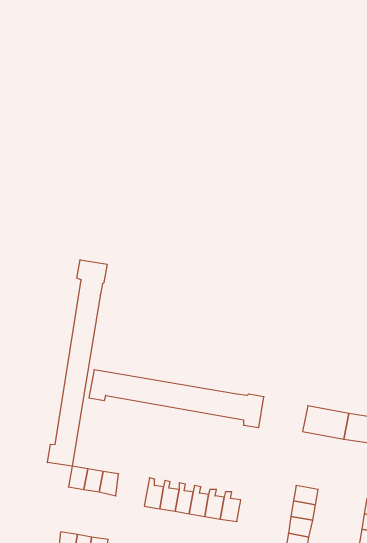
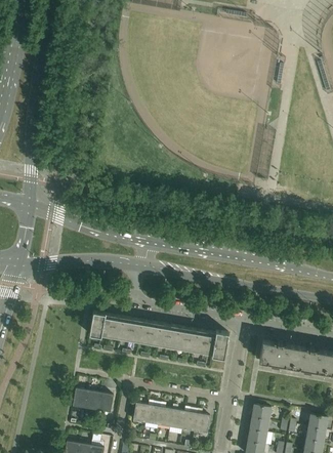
building: [47,260,107,466] -> none

